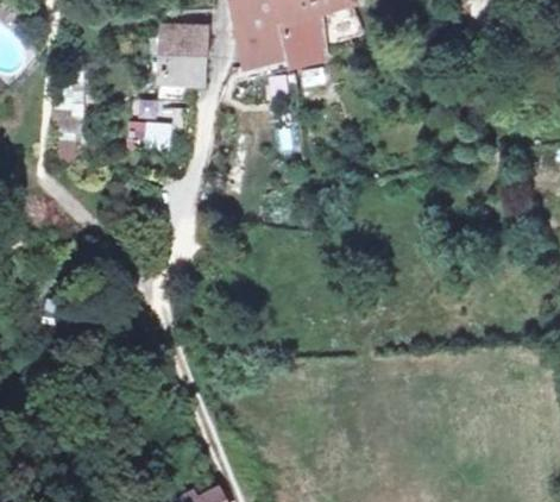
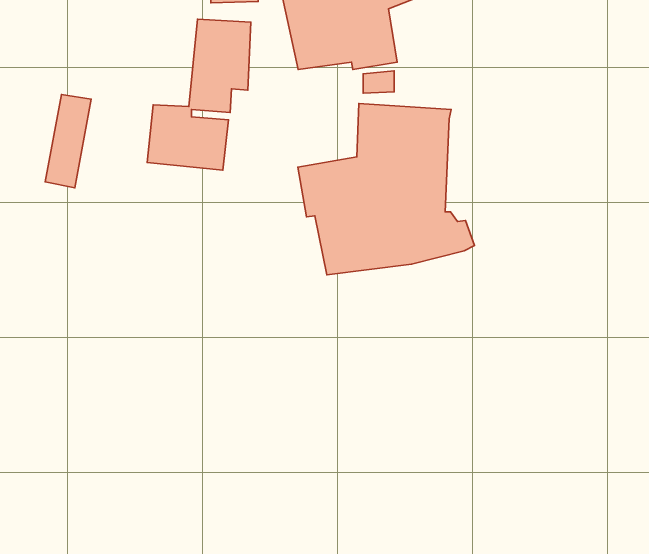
building: none -> [298,103,474,275]

